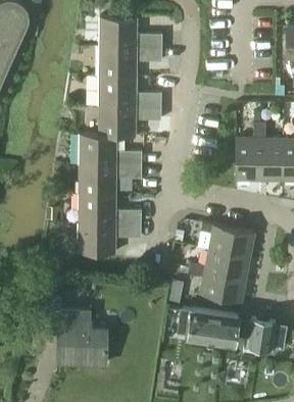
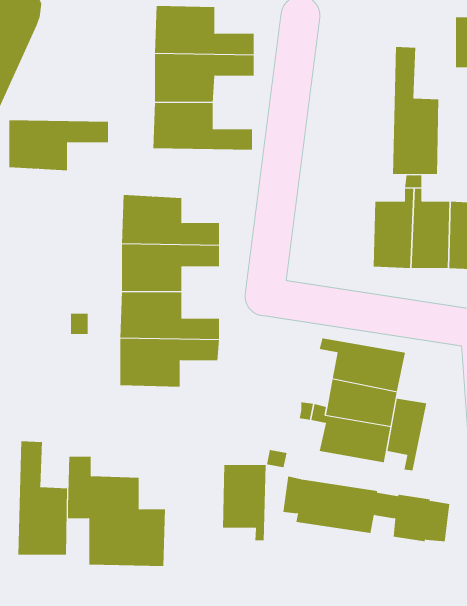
building: none -> [392,46,439,175]
building: [98,106,160,138] -> [9,120,109,171]
building: none -> [387,398,427,471]
building: none -> [18,441,67,555]
building: none -> [222,464,266,541]

